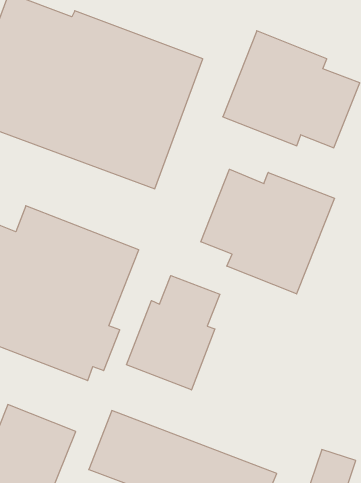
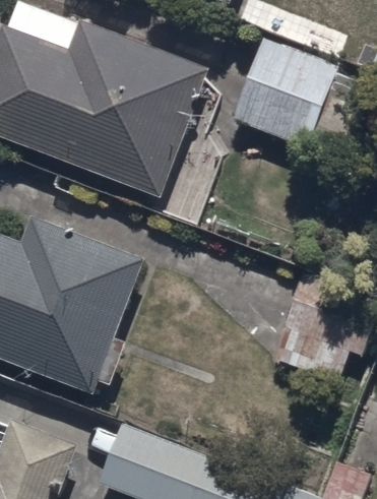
building: [201,169,335,294] -> none
building: [126,276,220,390] -> none

